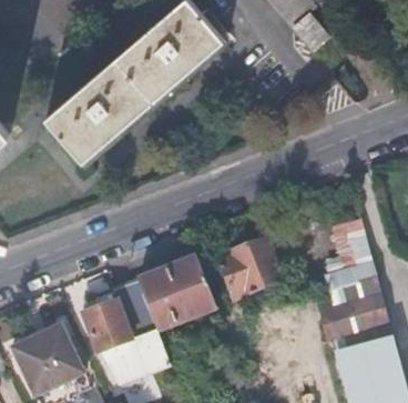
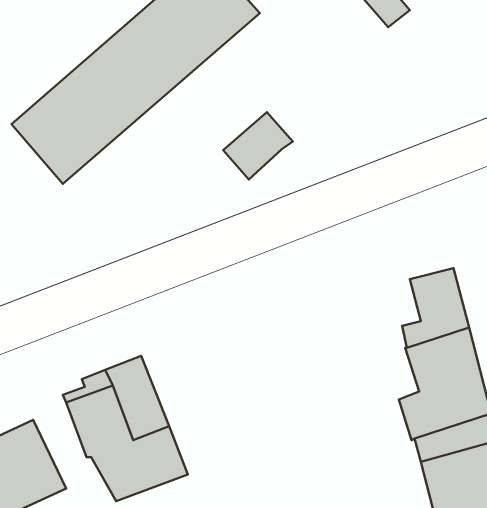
building: none -> [223,112,293,180]
building: [216,239,285,302] -> none
building: [139,259,217,331] -> none

